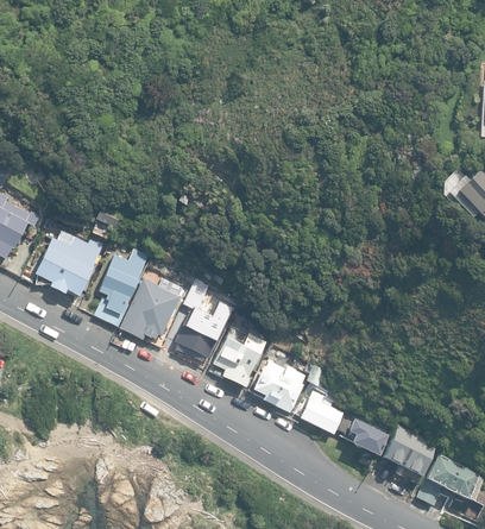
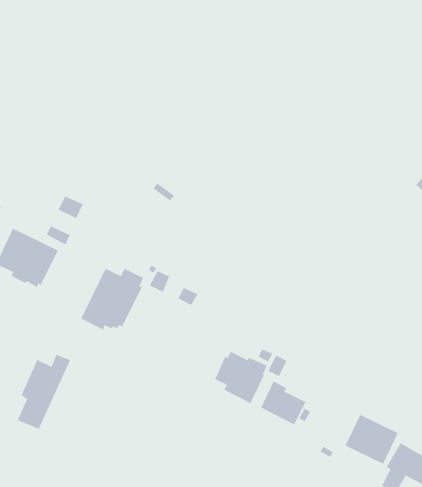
building: [95,250,150,326] -> [17,354,71,430]
building: [170,307,228,369] -> none
building: [213,328,266,389] -> none
building: [348,420,388,455] -> none

